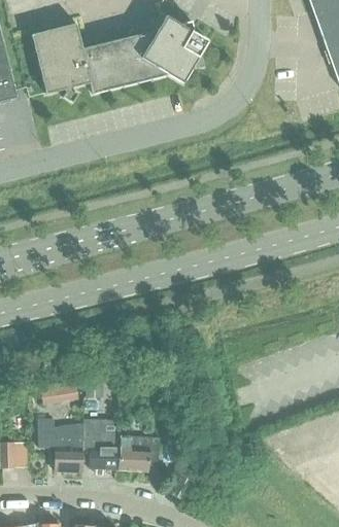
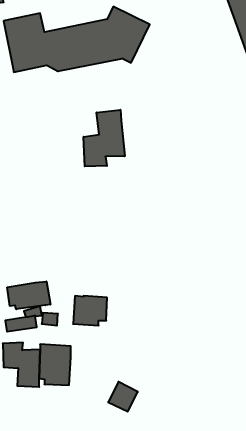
building: none -> [84,110,125,166]
building: none -> [7,281,50,309]
building: [115,436,157,472] -> [73,296,107,326]

